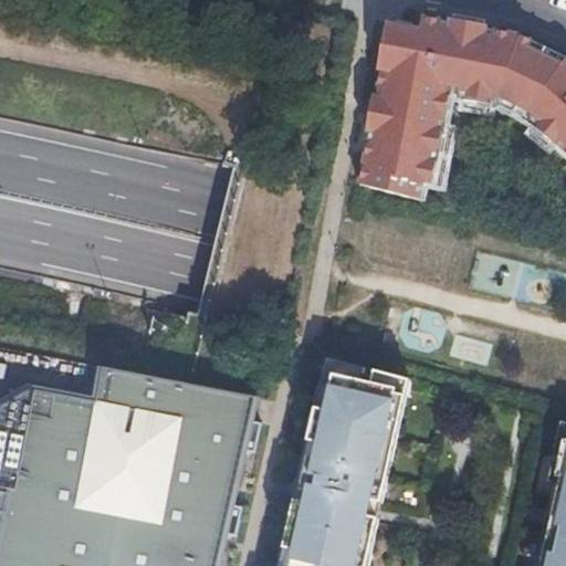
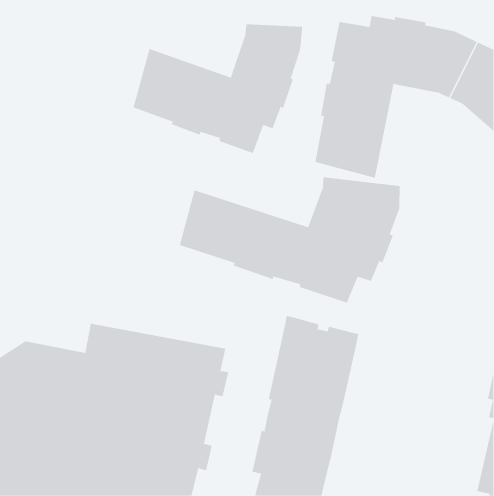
building: none -> [133,24,303,154]
building: none -> [179,176,400,303]

